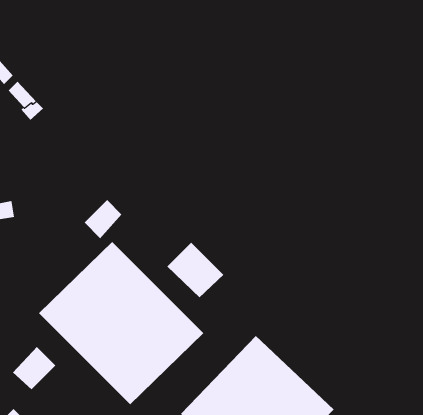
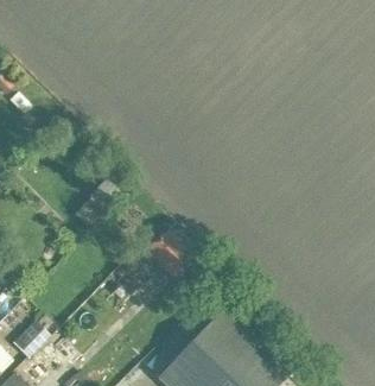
building: [38,241,204,405] -> none

